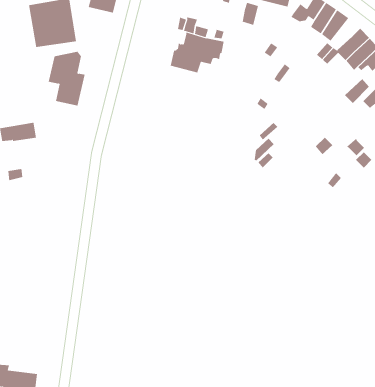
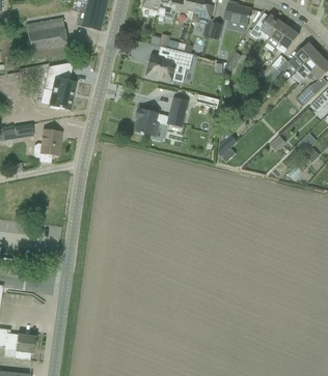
building: none -> [136,97,187,136]
building: none -> [33,128,62,163]

